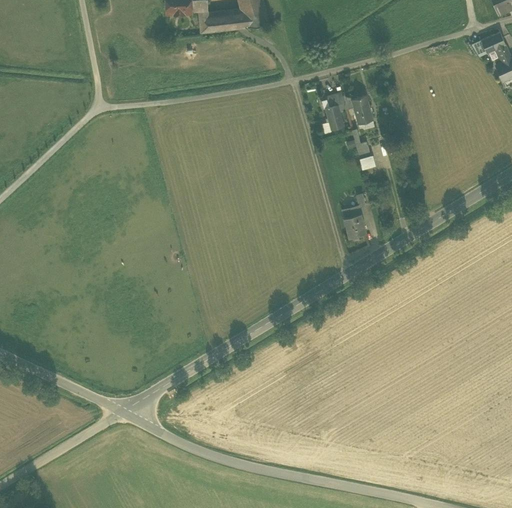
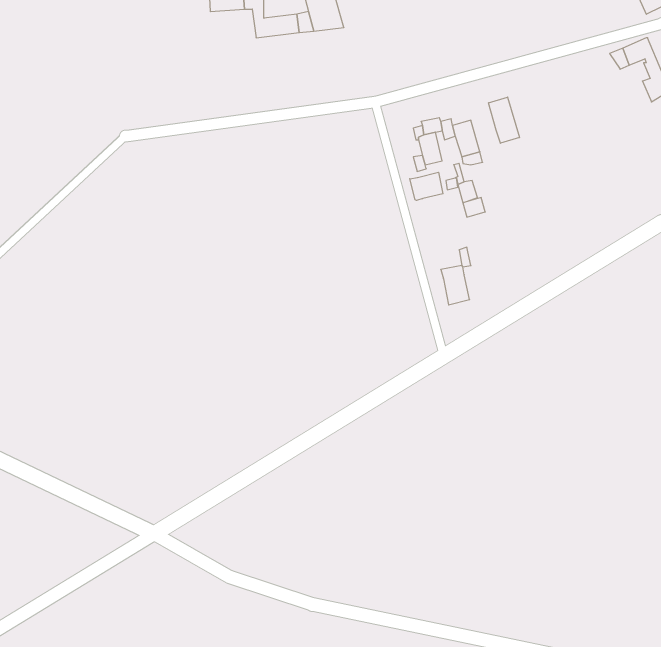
building: none -> [489,97,519,143]
building: none -> [410,172,443,200]

